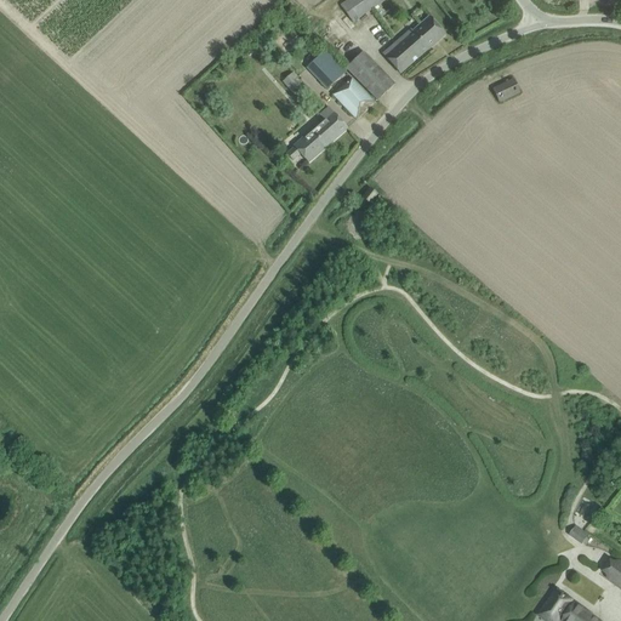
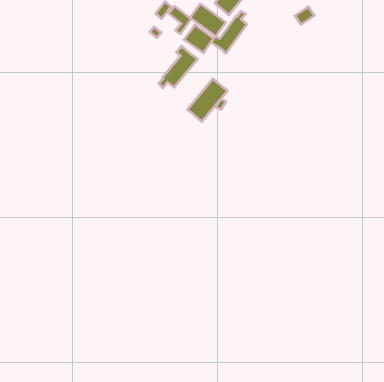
building: none -> [211,11,247,53]
building: none -> [187,79,227,122]

